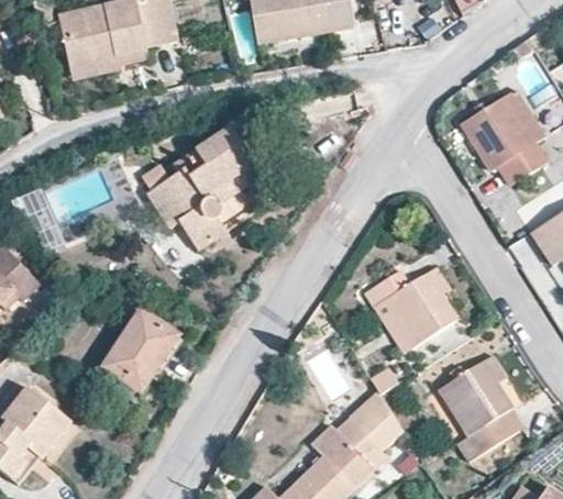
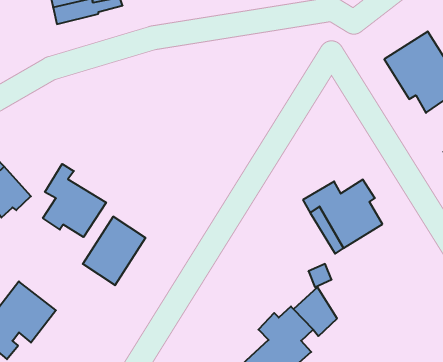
building: [146,125,263,248] -> none
building: none -> [43,164,106,237]
building: [437,354,525,461] -> none

